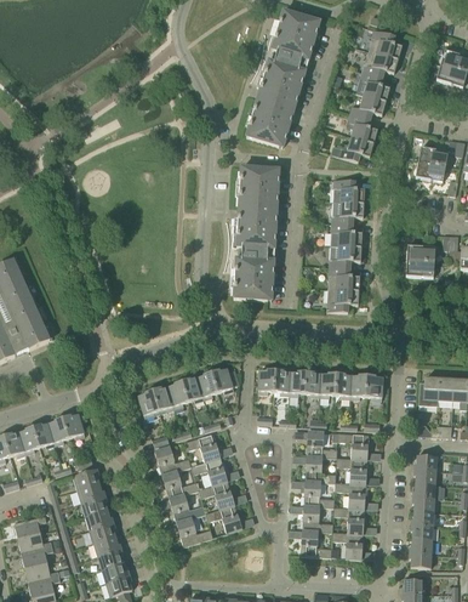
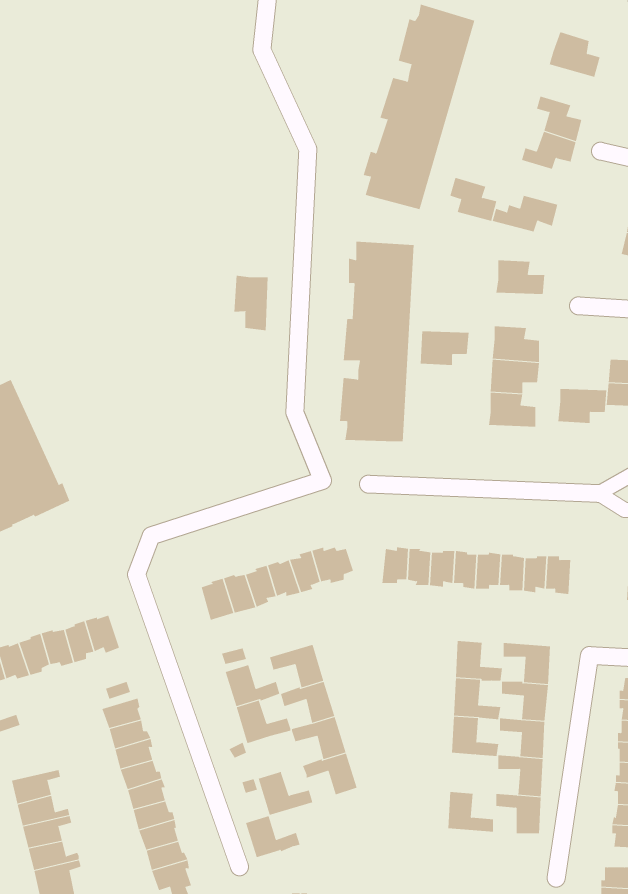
building: [361,50,398,76] -> none
building: [346,113,377,142] -> [449,177,497,221]
building: none -> [234,275,268,331]
building: [331,200,364,223] -> [420,331,469,366]
building: [326,288,359,311] -> [558,388,607,423]
building: [169,493,205,521] -> [245,815,300,858]
building: [302,504,332,530] -> none

